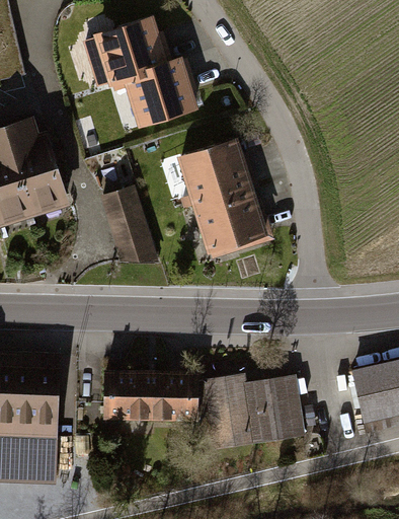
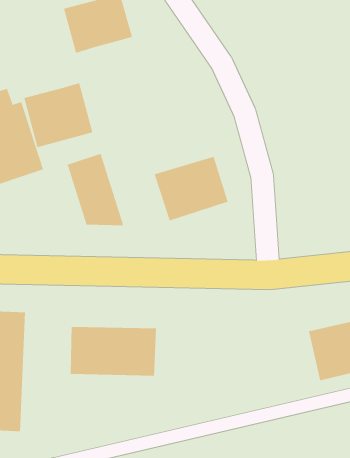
building: [127,59,201,128] -> [23,83,93,148]
building: [175,141,254,209] -> none
building: [206,370,301,444] -> none

